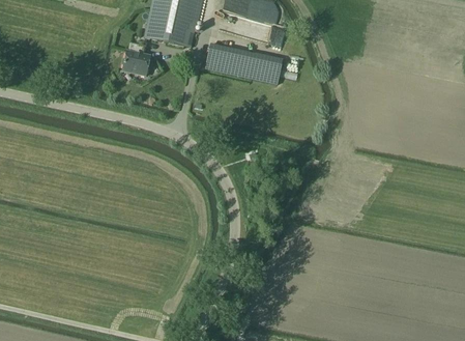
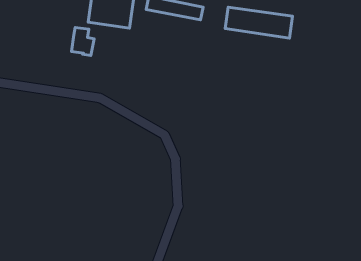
building: [206,45,284,85] -> [225,7,292,38]

